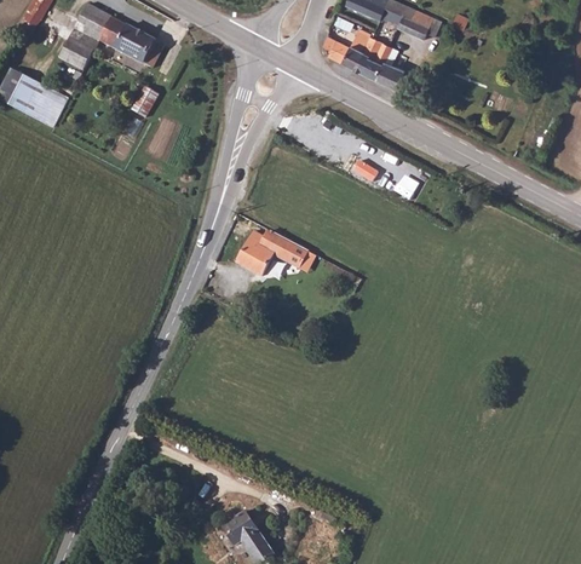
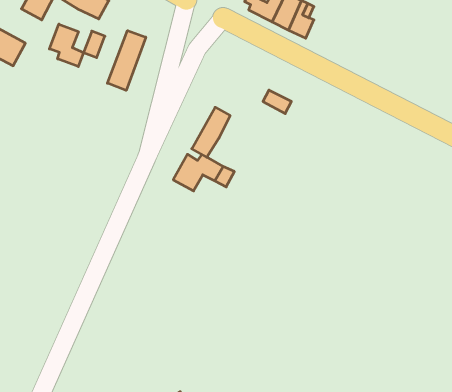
building: none -> [49,24,84,67]
building: none -> [107,31,146,90]
building: none -> [192,107,230,157]

